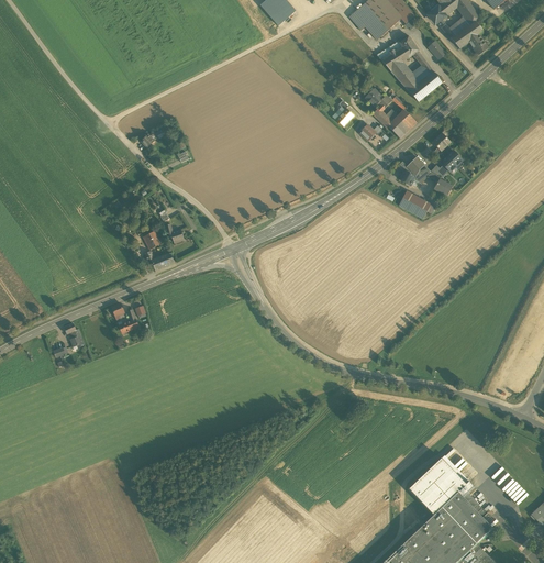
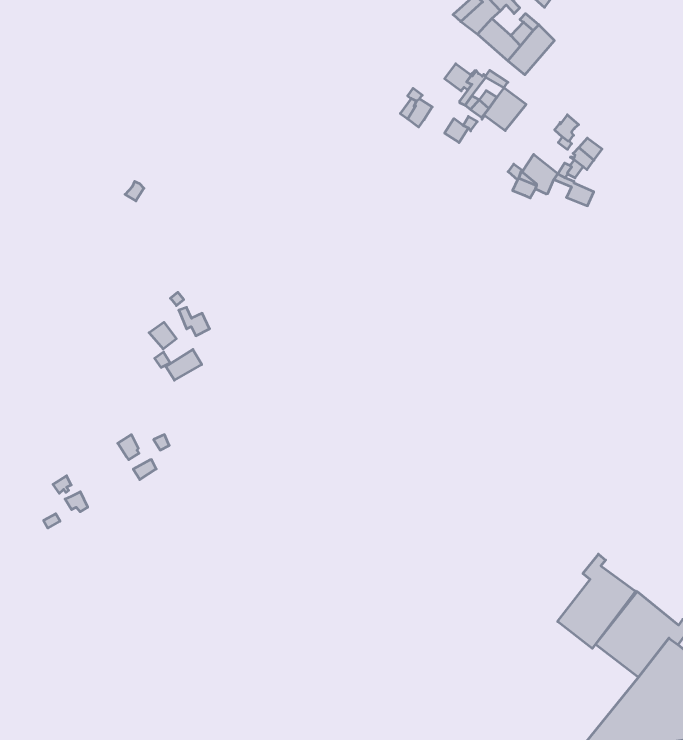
building: [398,190,430,219] -> none
building: none -> [558,554,636,648]

